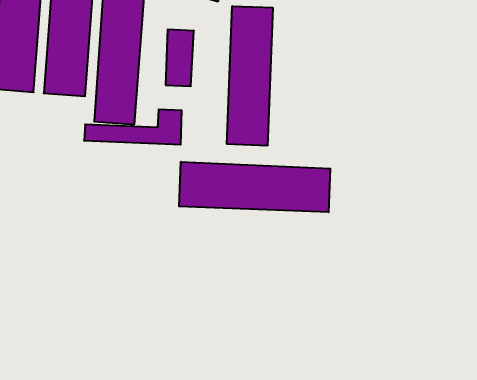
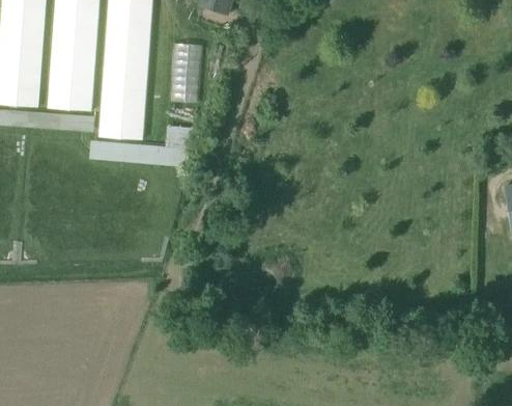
building: [227,6,273,146] -> none
building: [179,162,330,212] -> none

